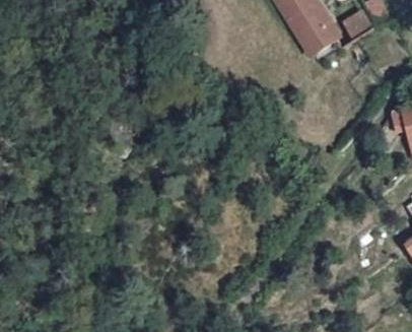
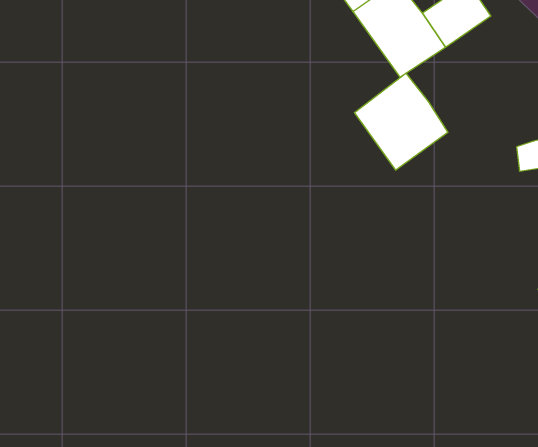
building: none -> [354,73,448,170]

